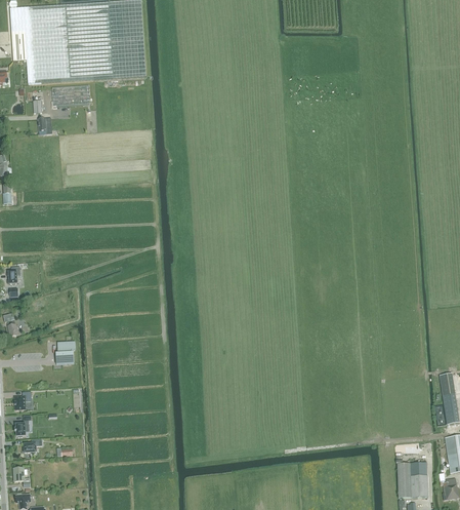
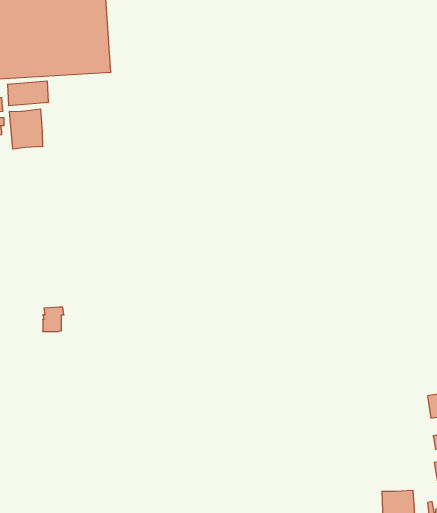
building: none -> [9,109,43,149]
building: [55,341,75,363] -> [43,307,64,332]

